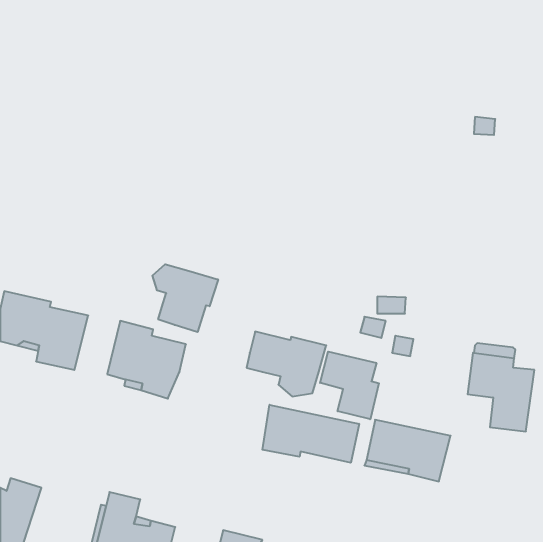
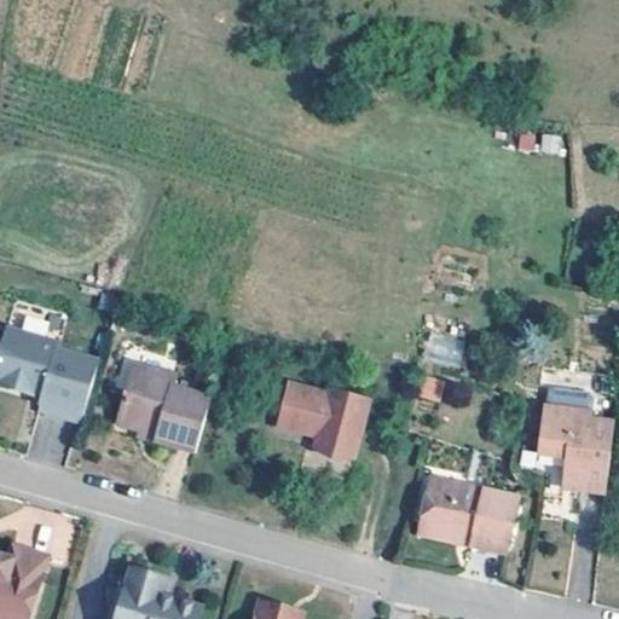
building: [152,264,218,332] -> none
building: [320,352,379,419] -> none
building: [262,405,359,463] -> none

